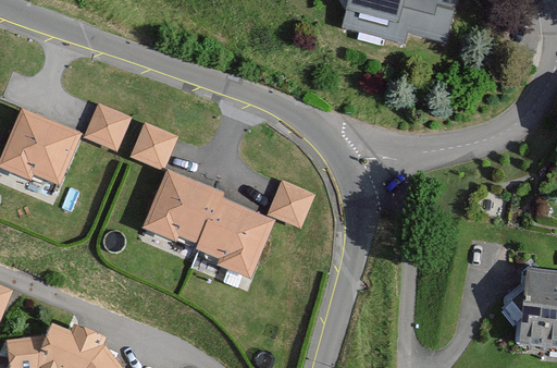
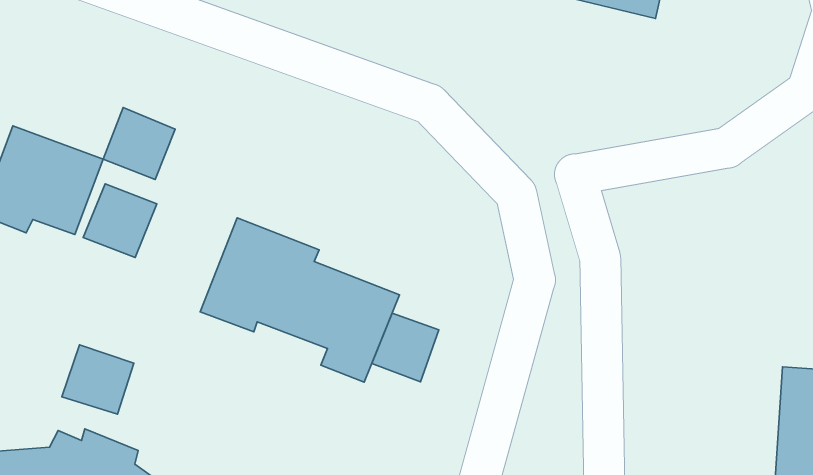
building: [128,125,176,173] -> [83,184,157,257]
building: [265,182,309,226] -> [372,313,439,382]
building: none -> [62,345,134,414]

